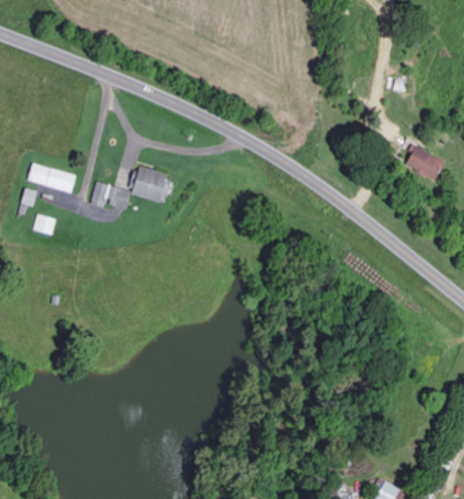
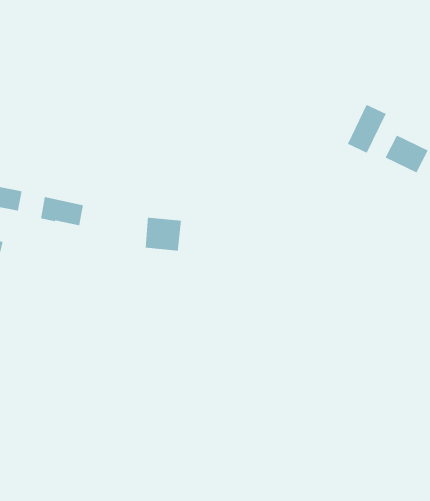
building: none -> [347,104,387,154]
building: [133,168,169,201] -> [145,217,182,252]

